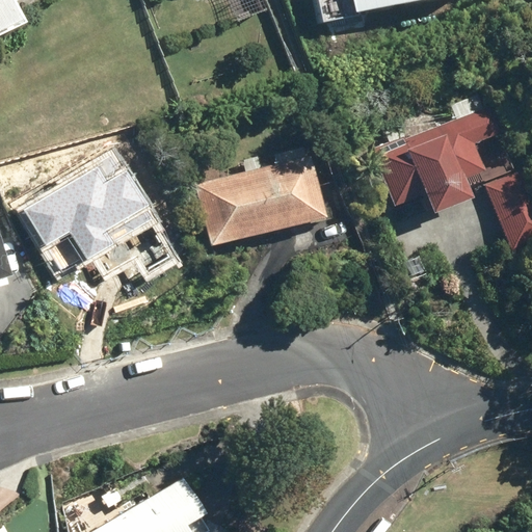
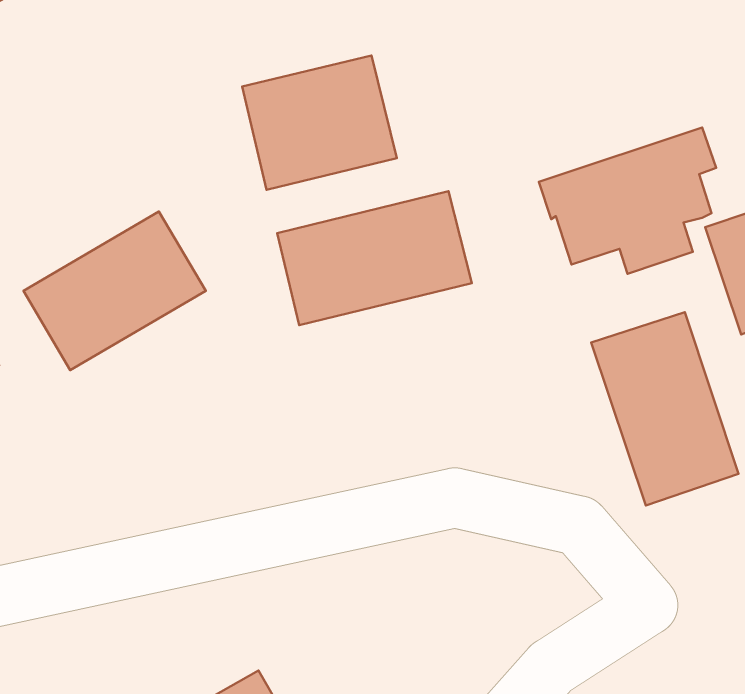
building: none -> [242,55,397,190]
building: none -> [591,312,738,505]

